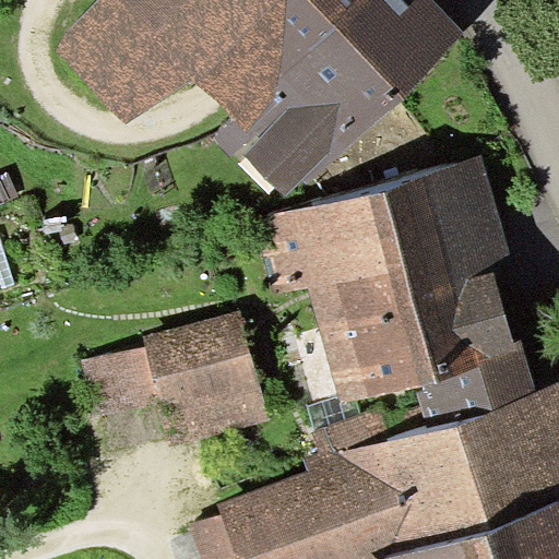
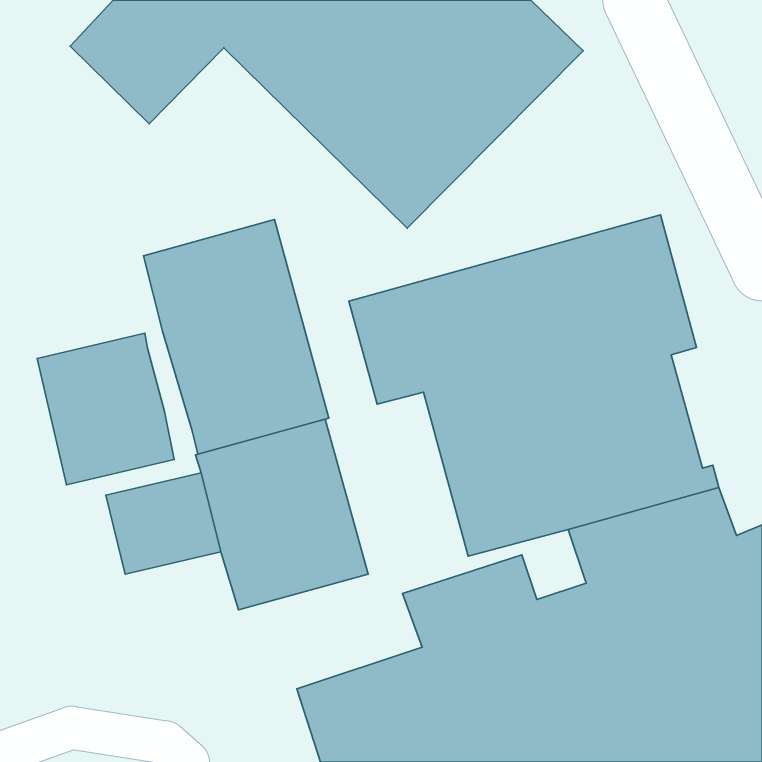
building: none -> [143,220,329,454]
building: none -> [37,333,174,485]

